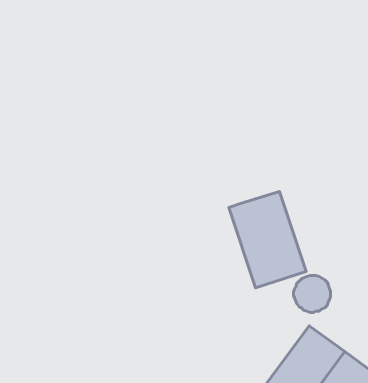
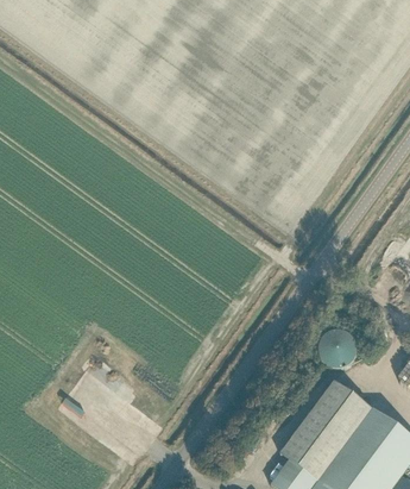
building: [229,191,306,288] -> none

